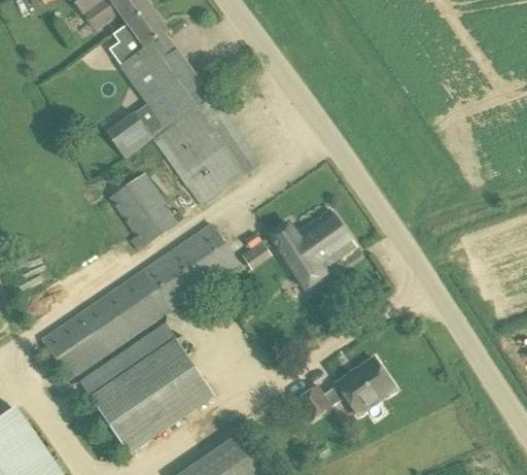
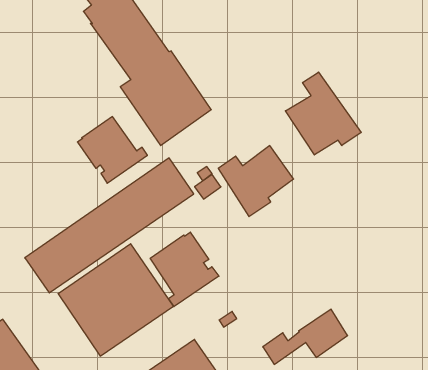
building: [105,110,152,158] -> none
building: none -> [285,72,361,155]
building: none -> [150,232,219,307]
building: [293,357,393,421] -> [263,309,348,364]

